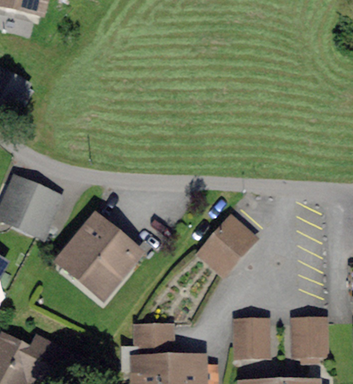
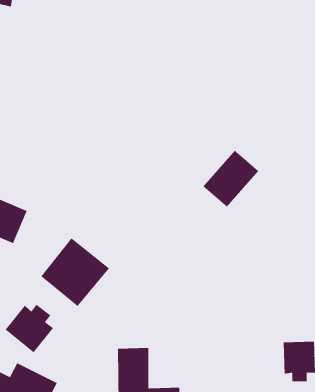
building: [199,218,252,272] -> [203,150,259,207]
building: none -> [5,304,54,353]
building: [235,323,266,354] -> none

